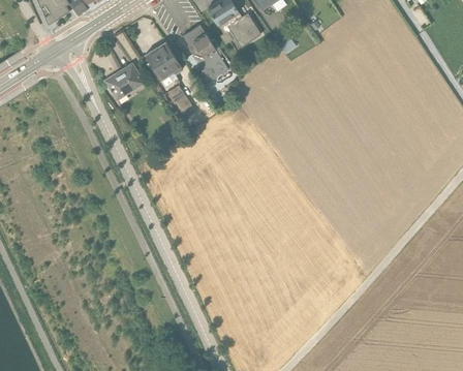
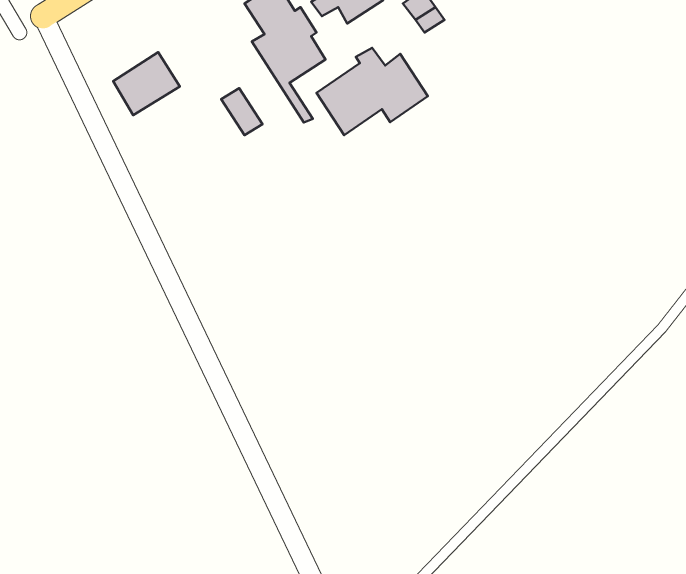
building: [144,41,183,85] -> none
building: none -> [317,48,428,135]

